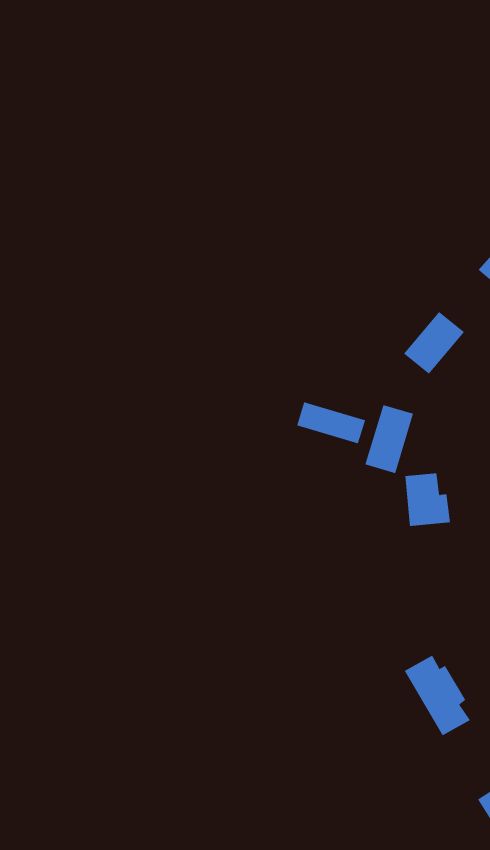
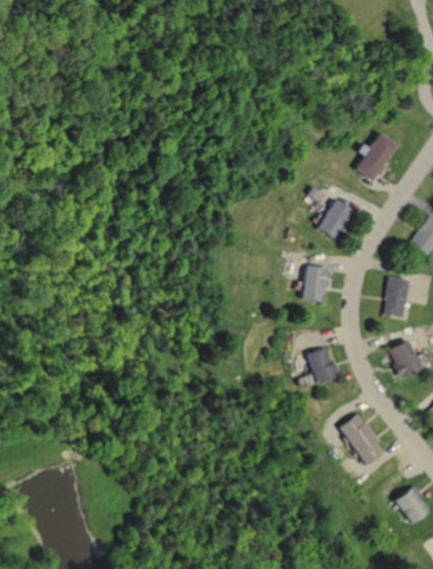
building: [296,401,366,444] -> none
building: [405,473,451,527] -> [308,347,340,382]

